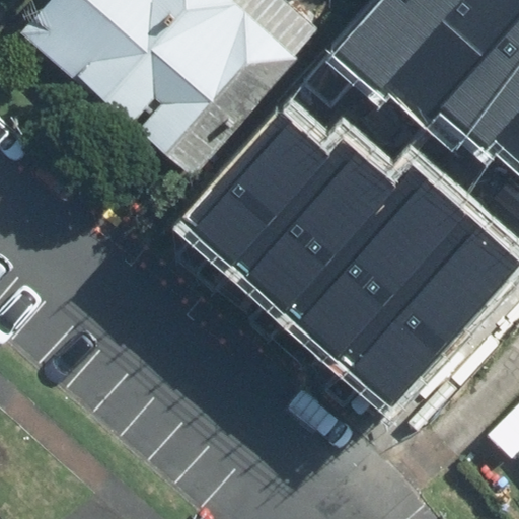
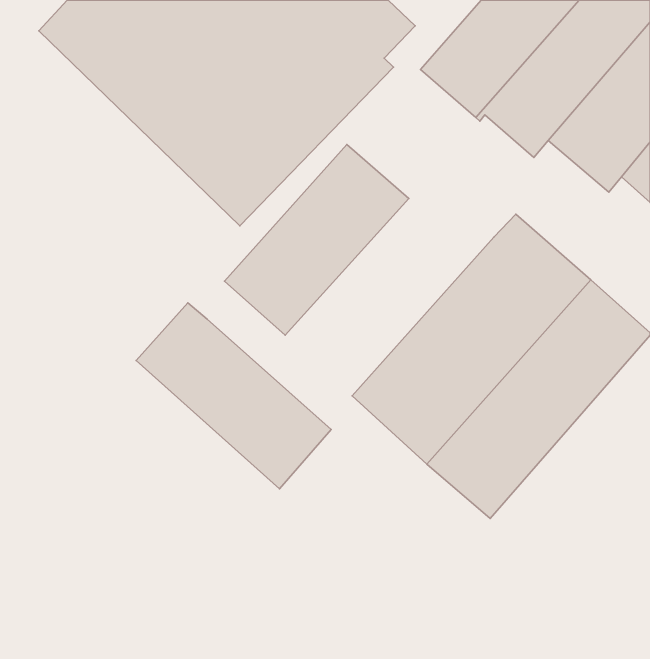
building: [224,140,388,311] -> none
building: none -> [136,303,331,489]

